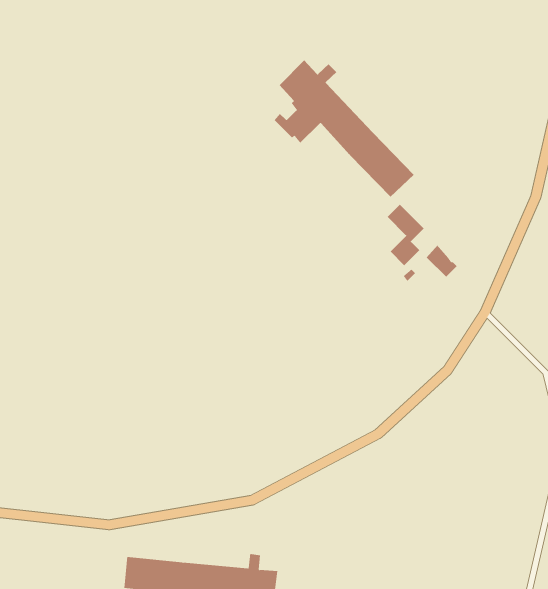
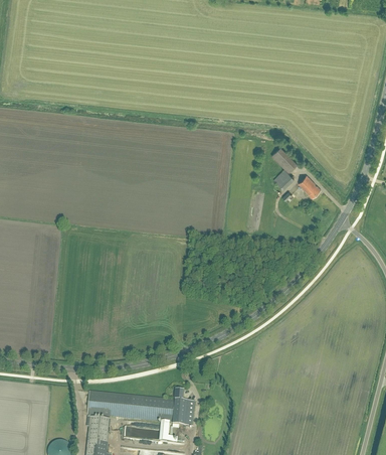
building: [274,59,415,198] -> none

